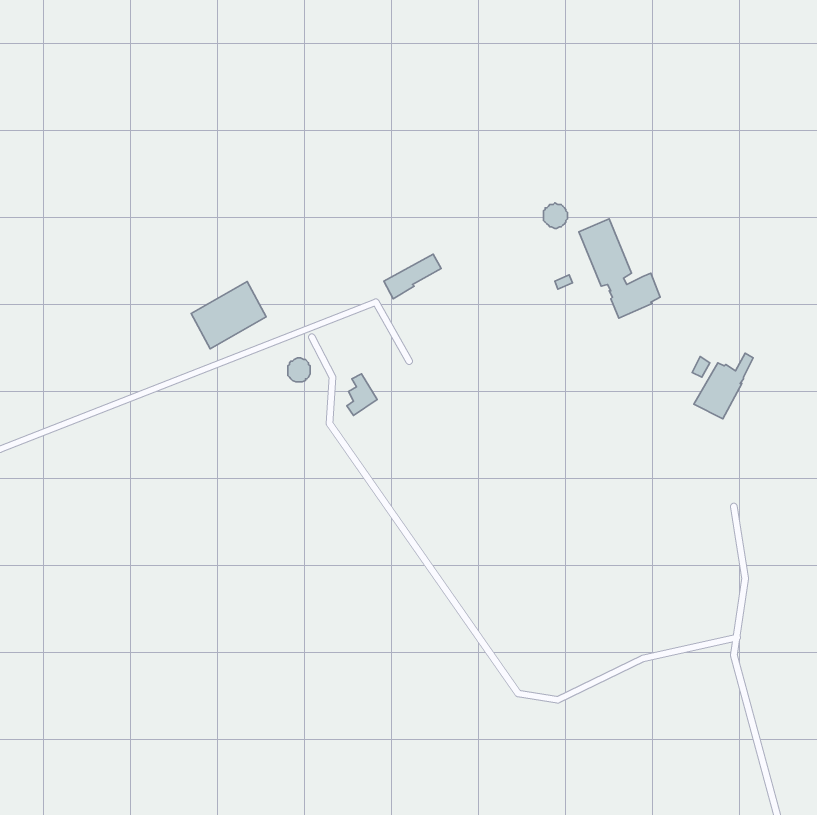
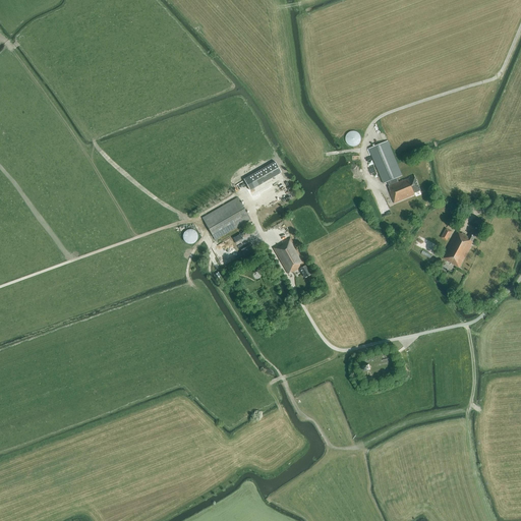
building: [191,282,266,349] -> [202,196,250,239]
building: none -> [273,237,310,277]

